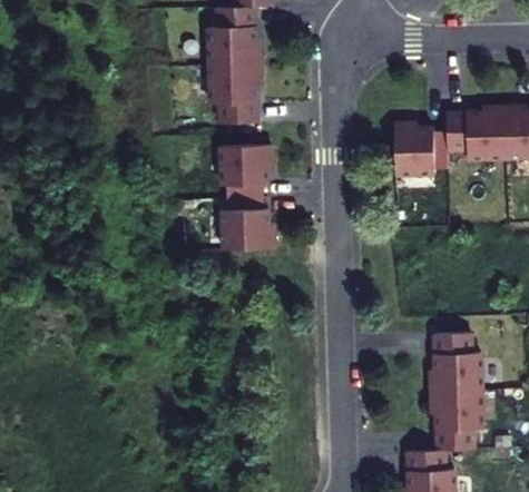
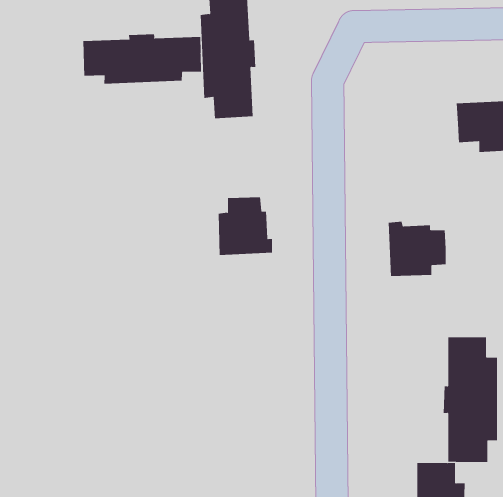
building: none -> [83,34,202,85]
building: [393,122,448,174] -> [388,221,447,276]
building: [222,146,272,199] -> none

